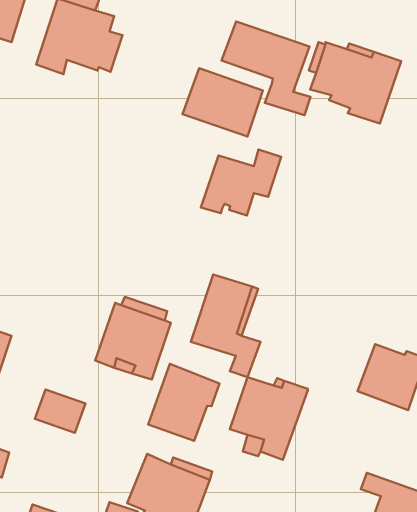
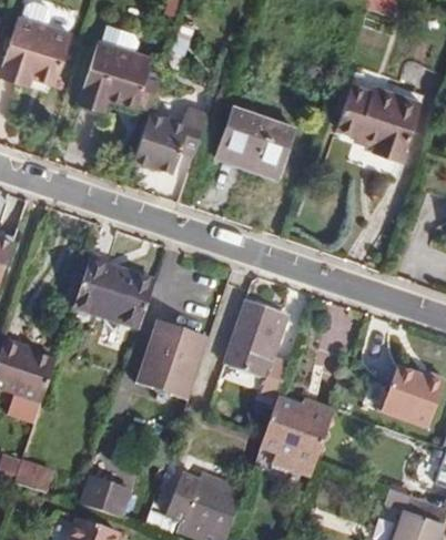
building: [221,21,311,115] -> none
building: [201,150,281,216] -> [132,105,207,167]
building: none -> [74,254,155,327]
building: [148,364,219,441] -> none
building: [35,389,86,433] -> [79,476,126,517]

